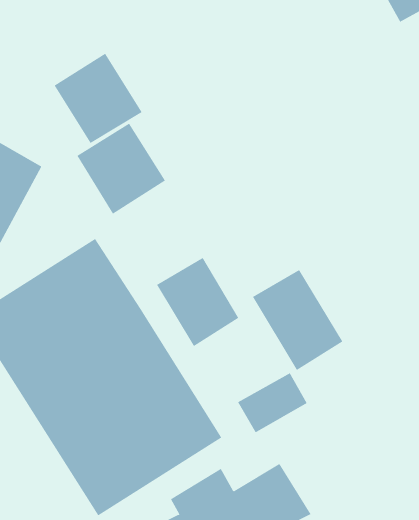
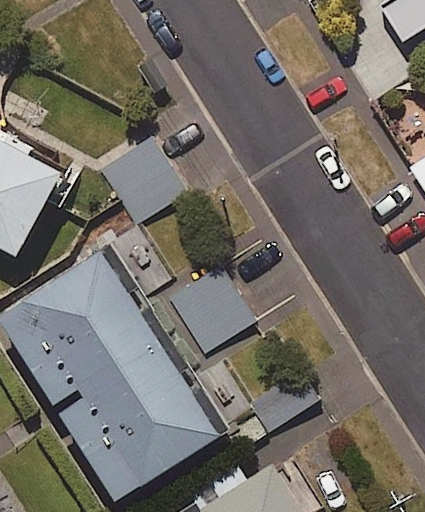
building: [54,53,142,144] -> none
building: [252,269,343,371] -> none

